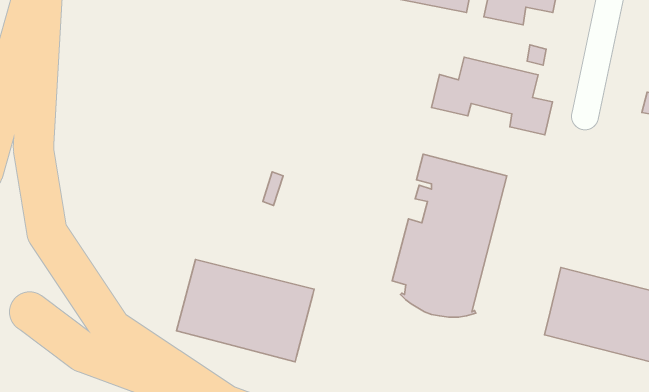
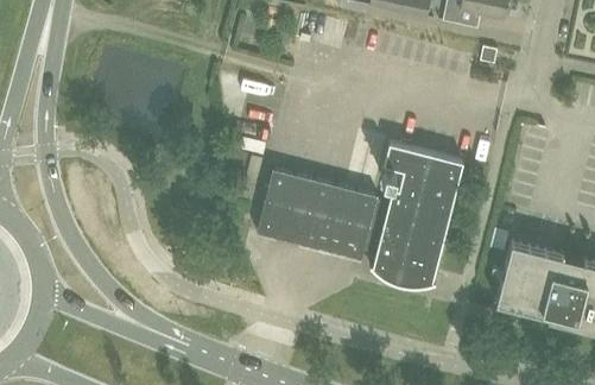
building: [432,57,552,135] -> none
building: [176,259,314,362] -> [257,170,378,260]

